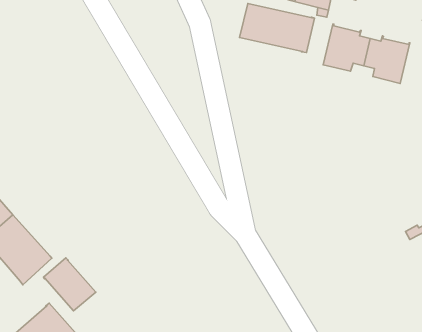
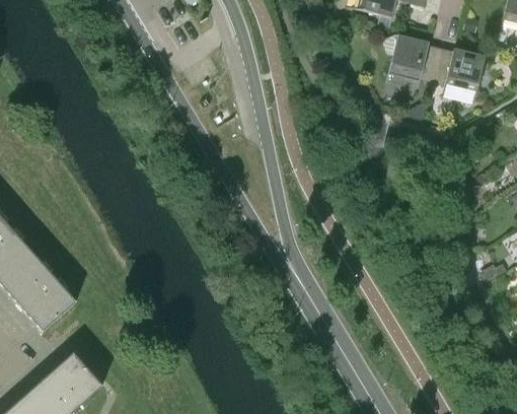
building: [240,4,314,53] -> none
building: [43,258,96,311] -> none

